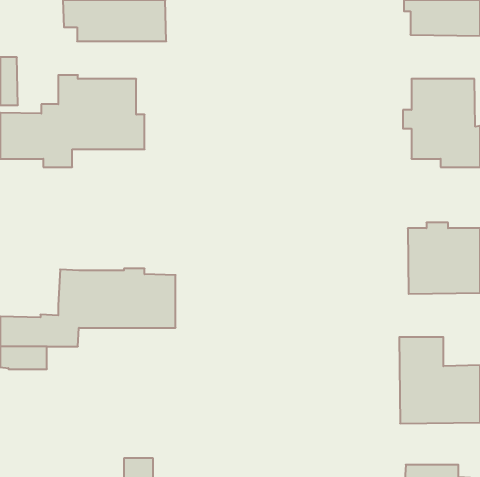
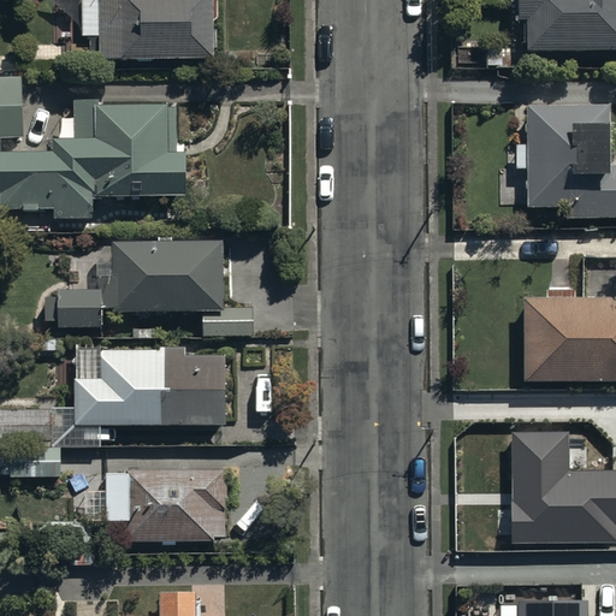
building: none -> [45,239,253,337]
building: none -> [105,468,224,540]

